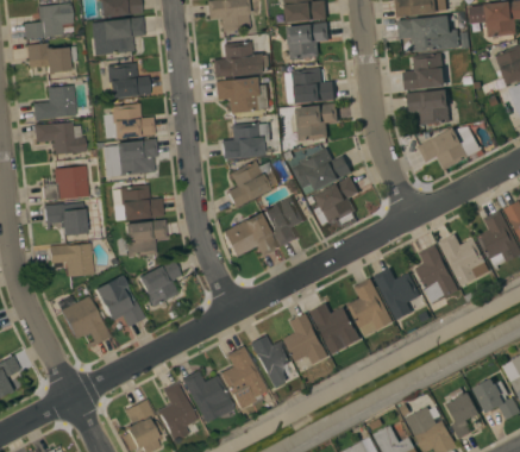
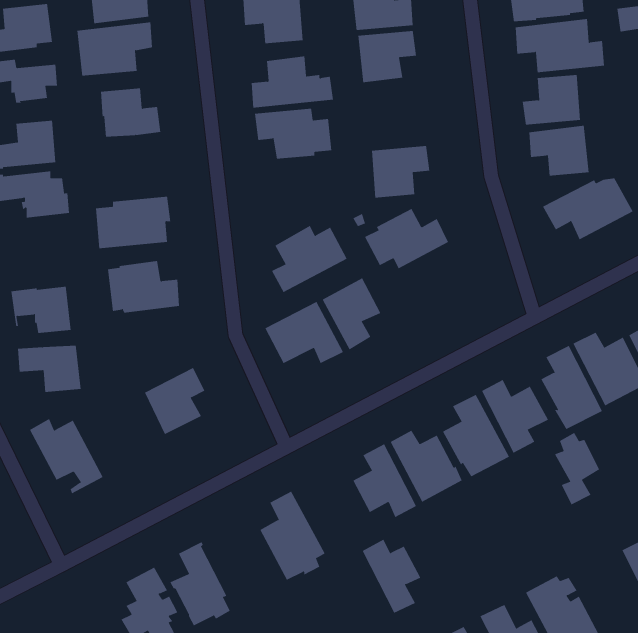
building: [293,68,336,103] -> none
building: [111,103,155,139] -> none
building: [221,123,271,159] -> none
building: [43,165,89,200] -> none
building: [317,176,361,225] -> none
building: [125,220,167,257] -> none
building: [94,275,145,327] -> none
building: [250,335,292,388] -> [362,539,421,613]
building: [181,370,232,423] -> none
building: [447,388,480,439] -> [554,432,600,505]

